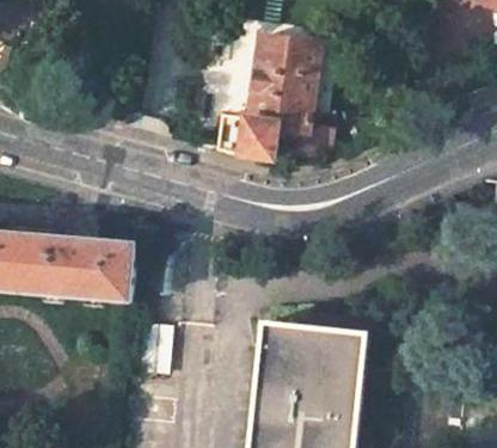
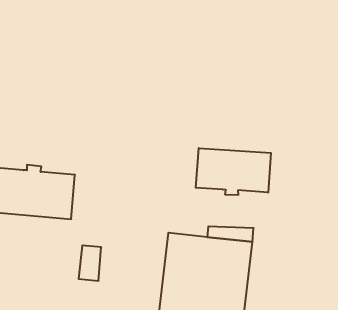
building: [220,37,321,164] -> none
building: none -> [196,148,271,195]

